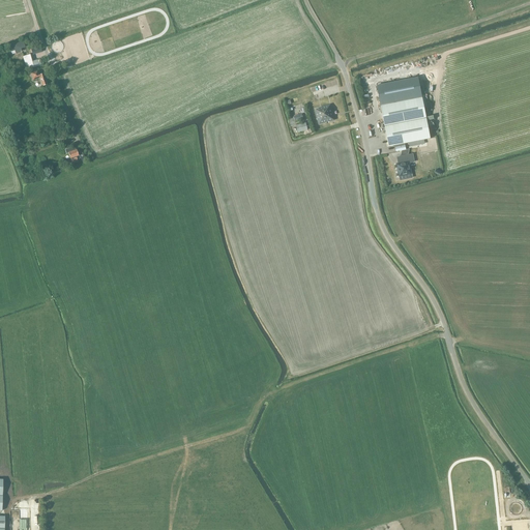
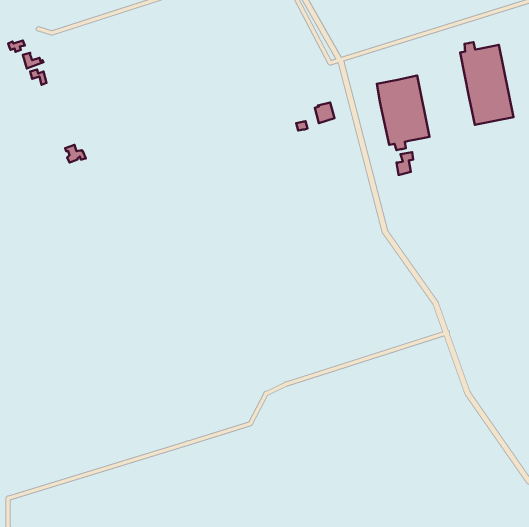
building: none -> [460,42,514,125]

